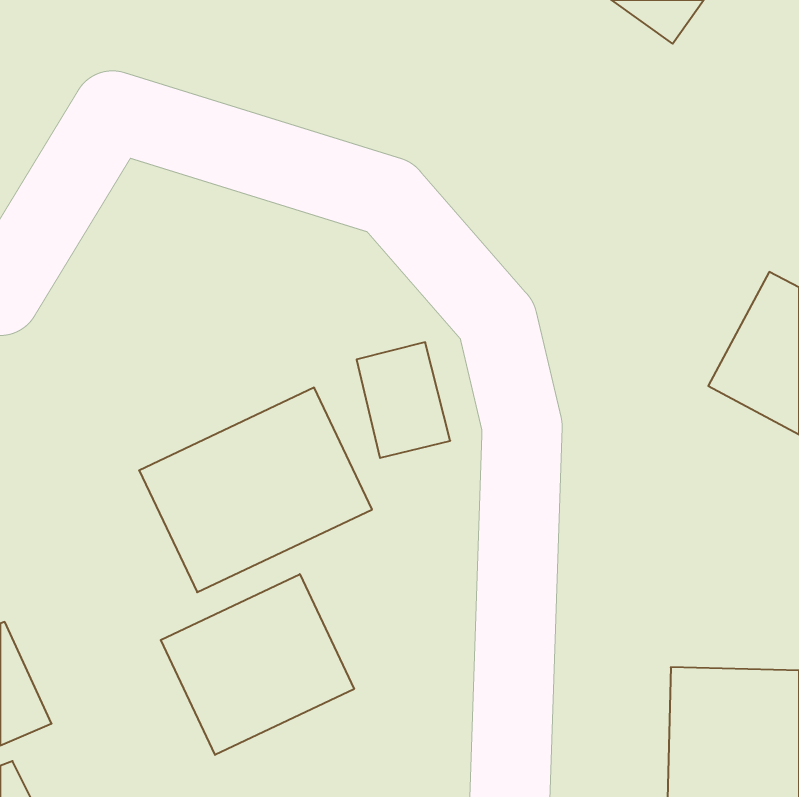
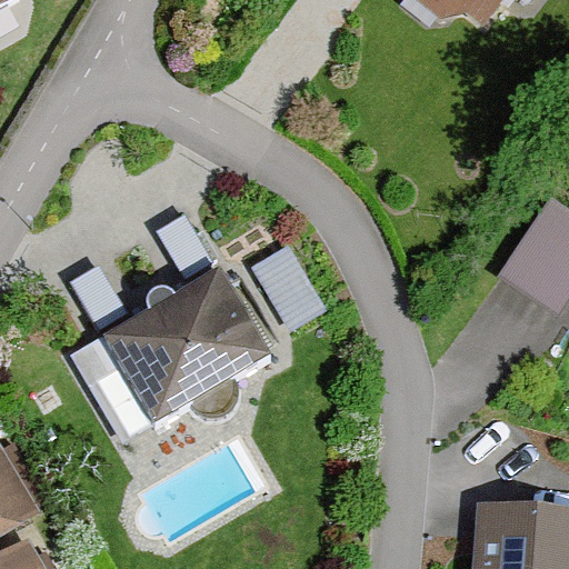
building: [161,574,354,755] -> none

